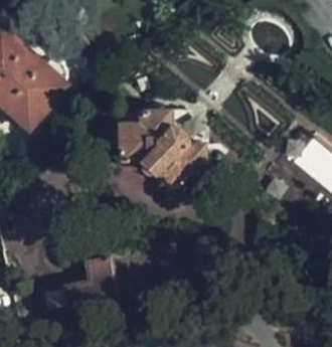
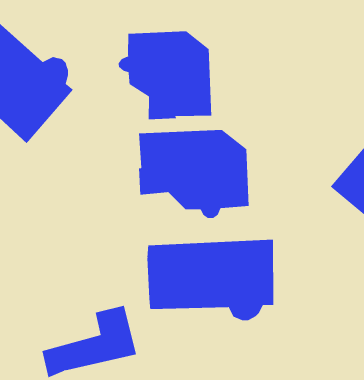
building: none -> [118,30,212,120]
building: none -> [147,239,274,321]

